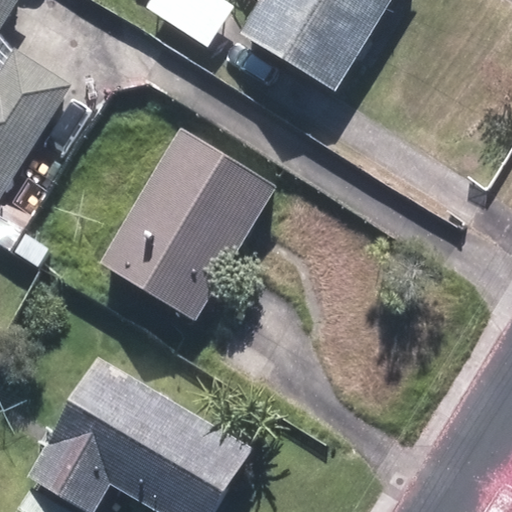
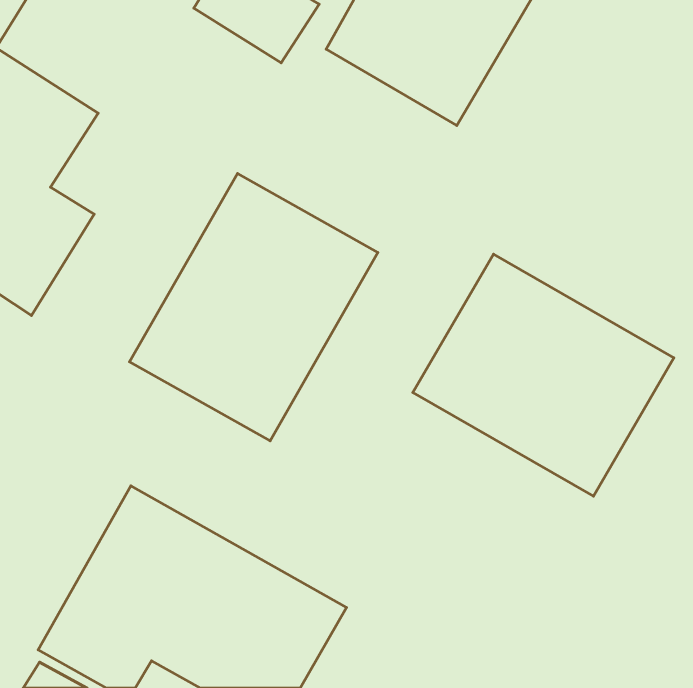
building: none -> [413,254,674,496]

